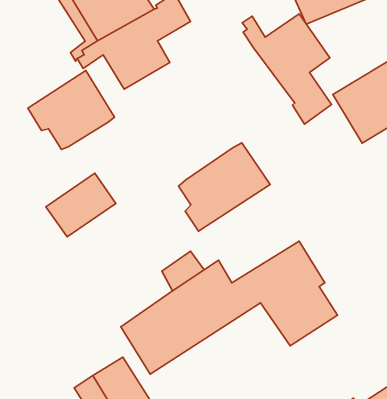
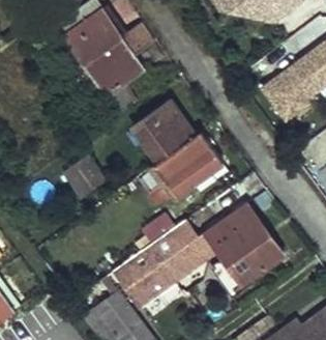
building: [242,14,331,124] -> none
building: [28,71,115,149] -> none
building: none -> [127,101,186,160]

